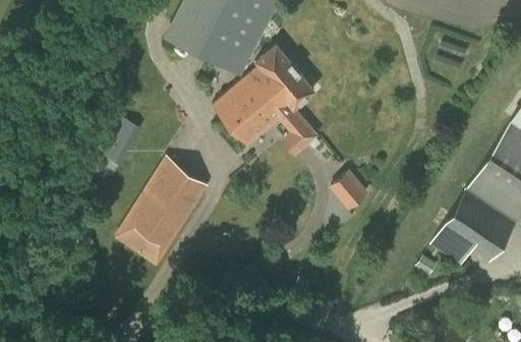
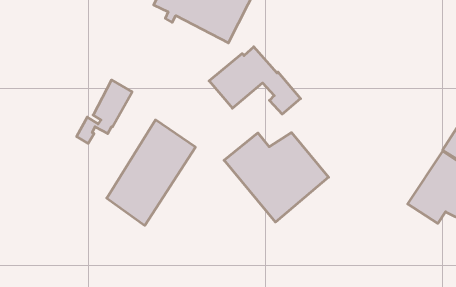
building: [213,44,314,116] -> none
building: [332,167,372,209] -> none
building: none -> [224,133,329,222]

